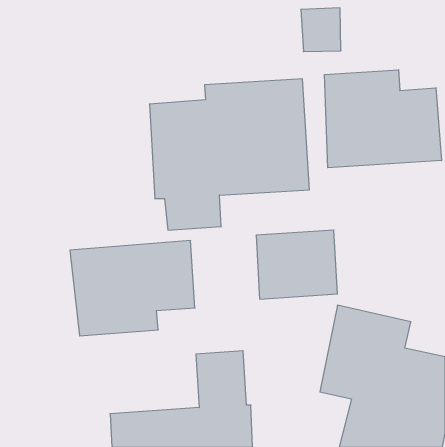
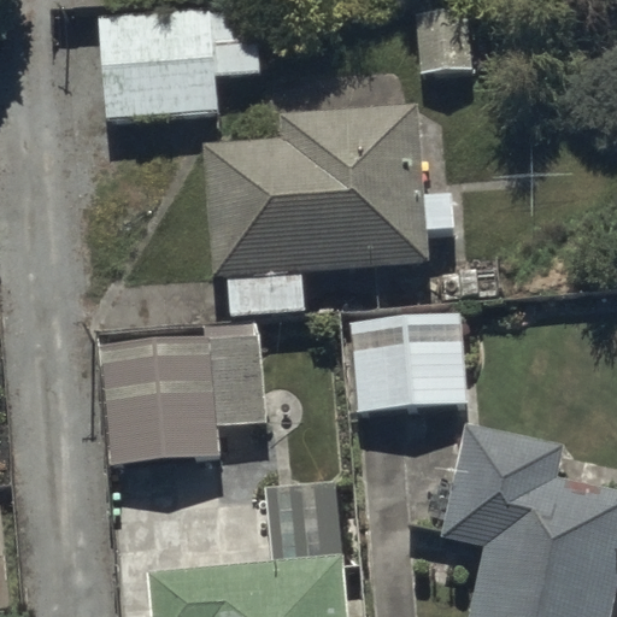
building: none -> [98,11,260,119]
building: [324,70,441,168] -> none

